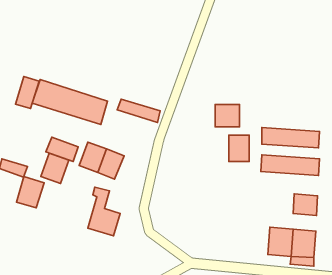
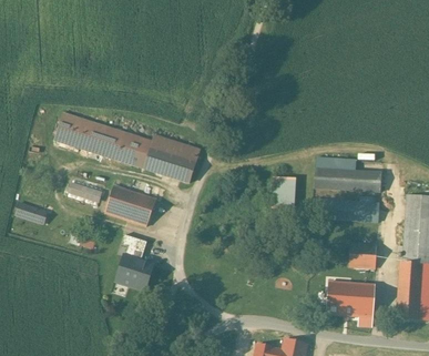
building: [16,76,39,109] -> none
building: [215,104,240,127] -> none
building: none -> [143,146,195,181]
building: [41,153,69,184] -> none
building: [17,177,44,208] -> none

